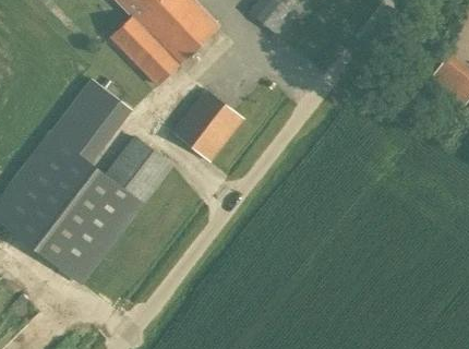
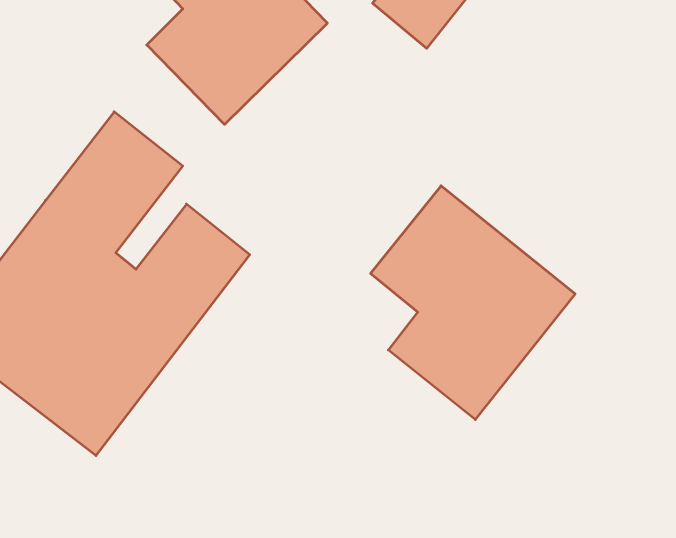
building: [169,87,243,163] -> none
building: none -> [371,186,575,420]

